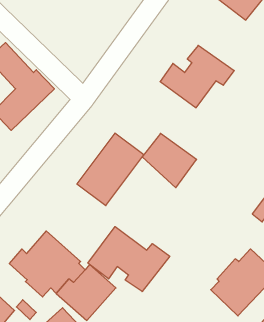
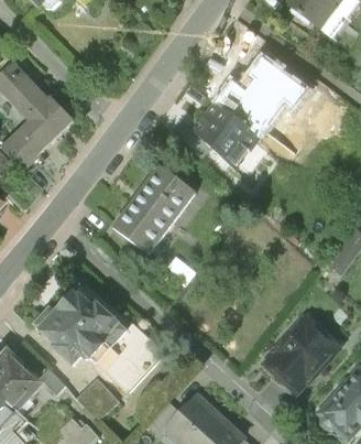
building: [142,133,197,188] -> [192,104,258,170]
building: [88,227,170,292] -> none

